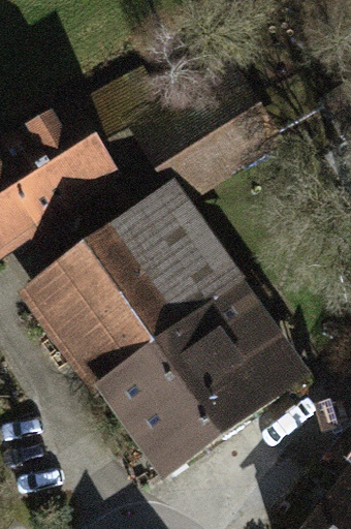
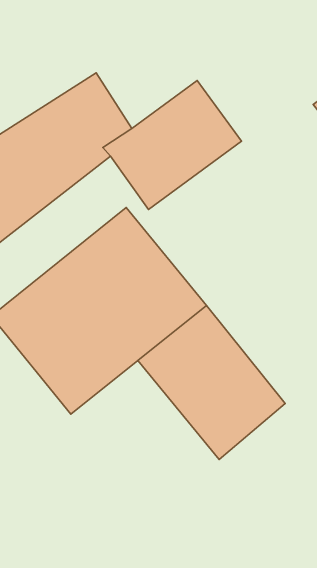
building: [100,333,230,471] -> none

